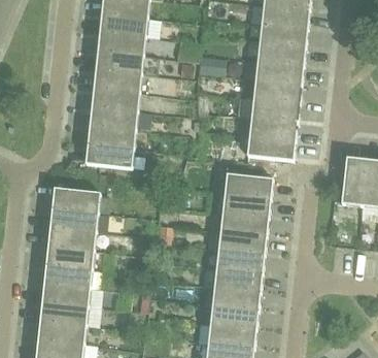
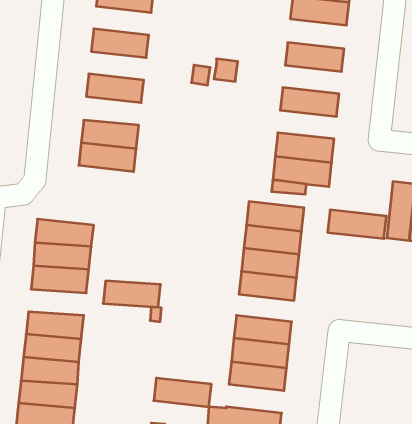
building: [100,12,147,36] -> none
building: [260,23,308,47] -> none
building: [96,50,143,73] -> none
building: [255,61,304,85] -> none
building: [92,87,139,110] -> none
building: [251,98,300,122] -> [328,210,386,239]
building: [85,143,133,167] -> none
building: [46,246,94,267] -> [103,281,161,307]
building: [217,250,265,272] -> none
building: [209,324,256,348] -> [154,378,211,407]

